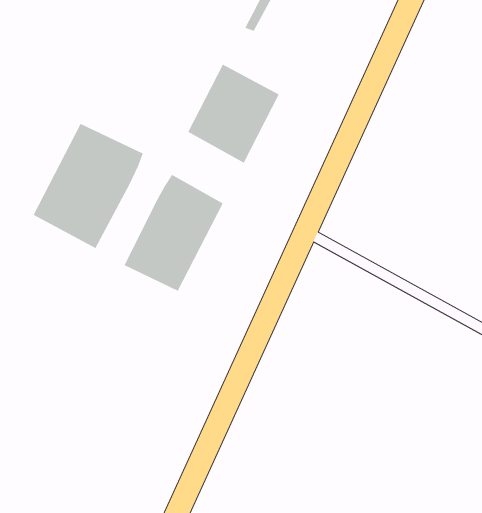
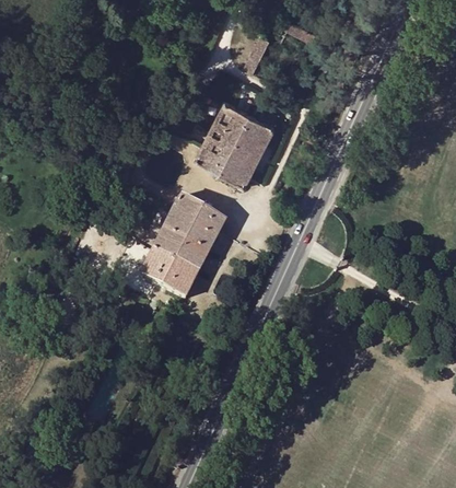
building: [33,123,144,249] -> none

